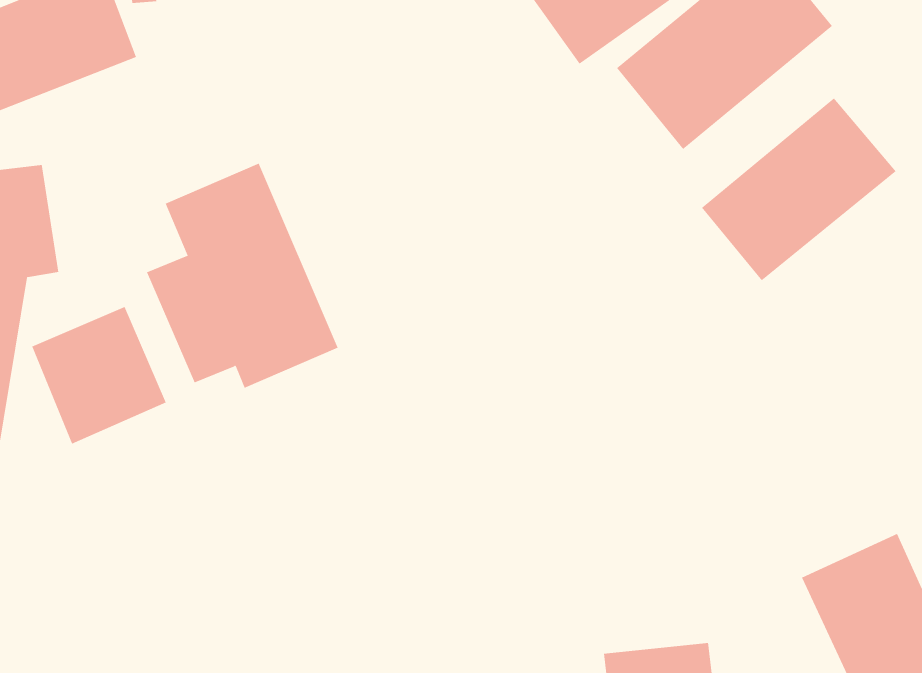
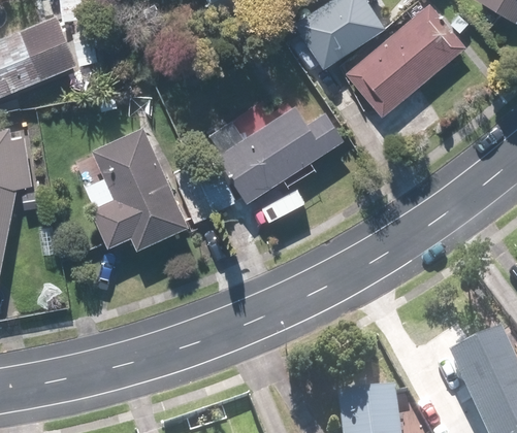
building: [701,98,897,281] -> none
building: none -> [207,103,345,202]
building: [31,306,167,444] -> none

